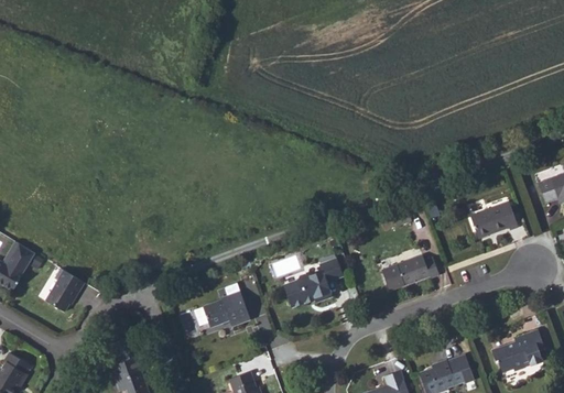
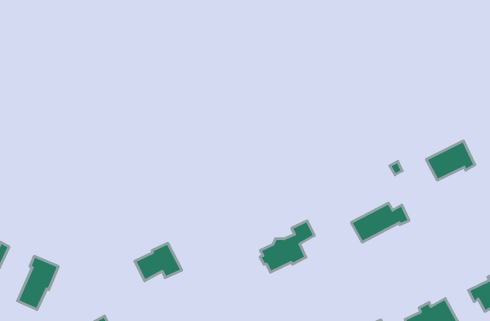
building: [205,292,251,327] -> [135,243,182,281]

